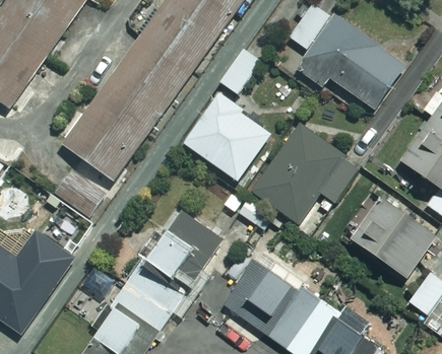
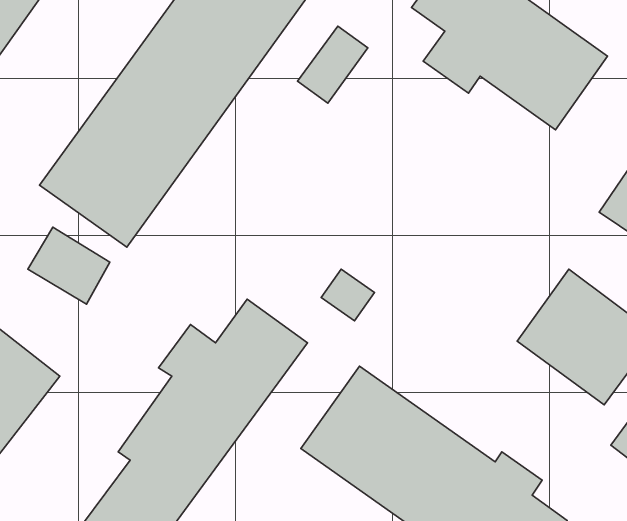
building: [184,95,272,182] -> none
building: [252,124,355,221] -> none

